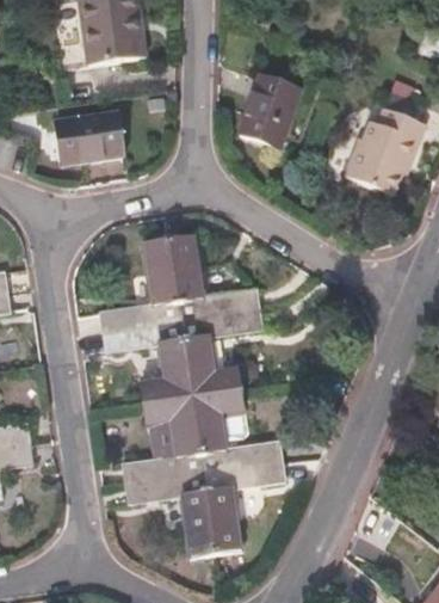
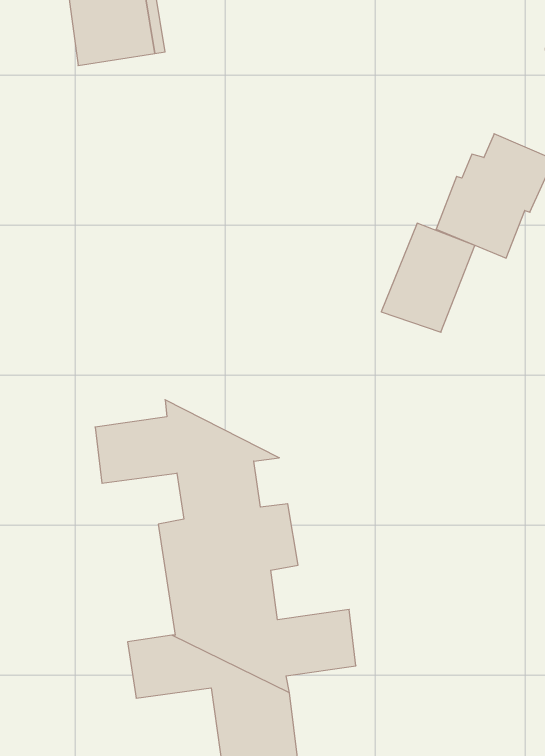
building: [234,73,299,149] -> [381,223,475,332]
building: [52,109,119,159] -> none
building: [142,236,261,336] -> none

